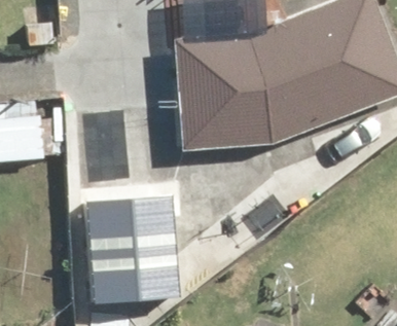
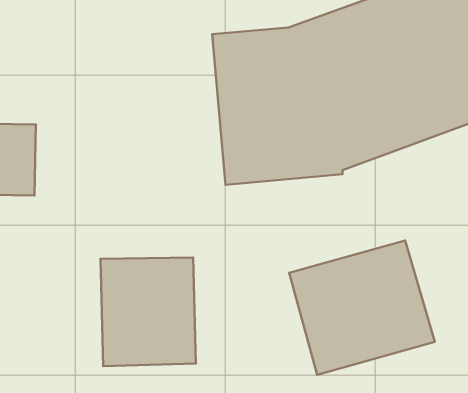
building: none -> [289,241,435,375]

